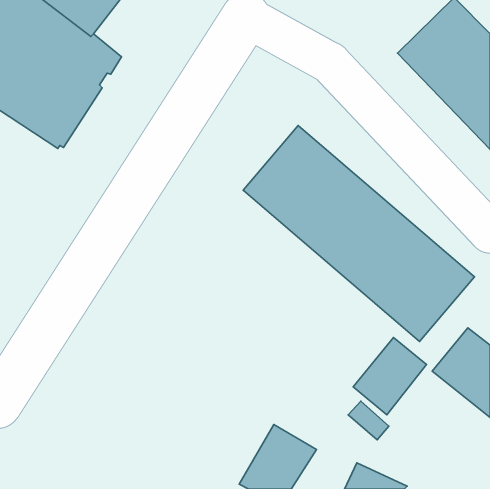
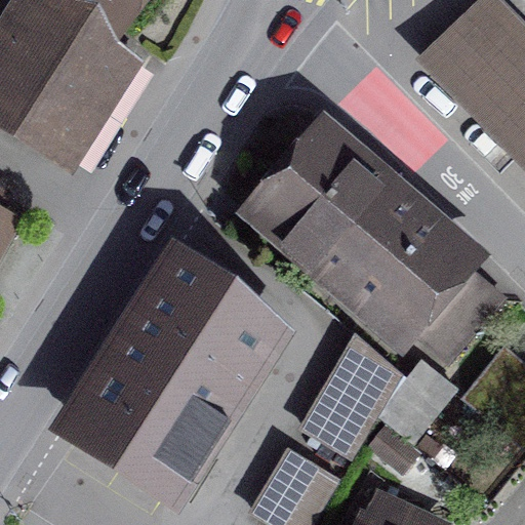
building: none -> [77,258,267,483]
building: none -> [305,339,398,455]

